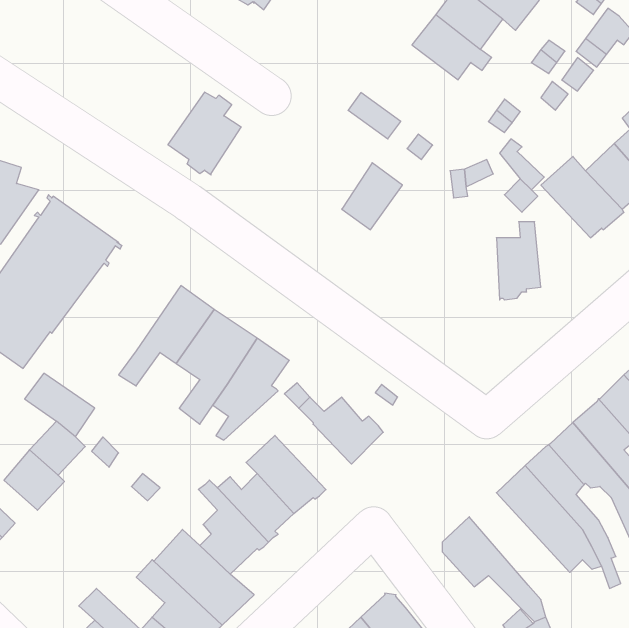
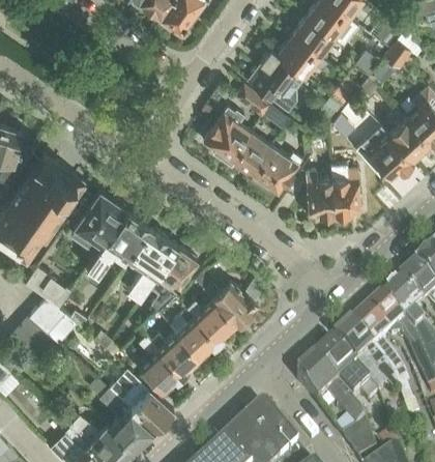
building: none -> [247,46,307,110]
building: [168,92,241,175] -> [203,105,251,158]
building: none -> [250,142,302,192]
building: none -> [307,168,334,218]
building: none -> [70,189,126,250]
building: none -> [187,297,236,340]
building: none -> [314,342,379,404]

